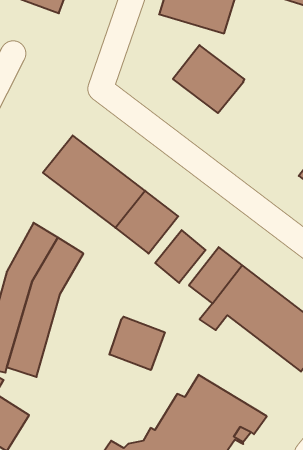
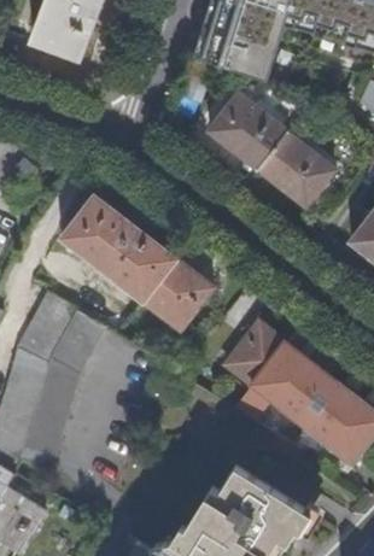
building: none -> [258,135,333,206]
building: [155,230,206,283] -> none
building: [109,317,165,370] -> none

